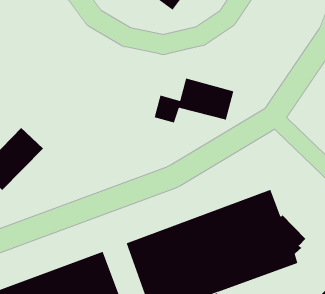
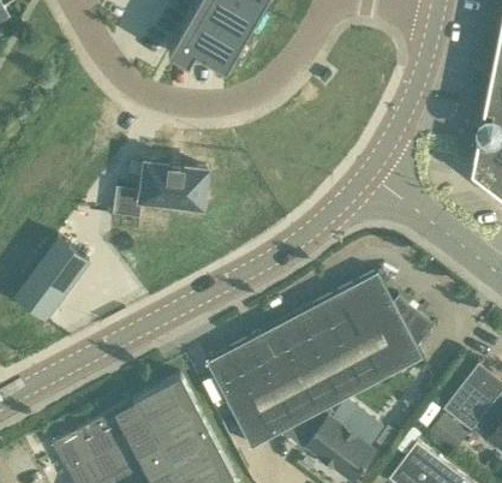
building: [154,78,234,123] -> [112,162,207,220]

